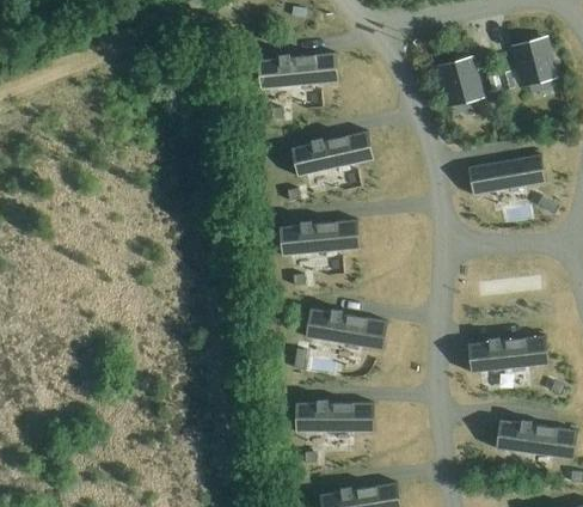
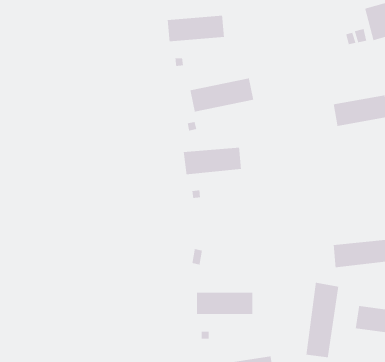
building: [436,55,484,108] -> none
building: [308,309,383,349] -> none
building: none -> [305,282,339,358]

